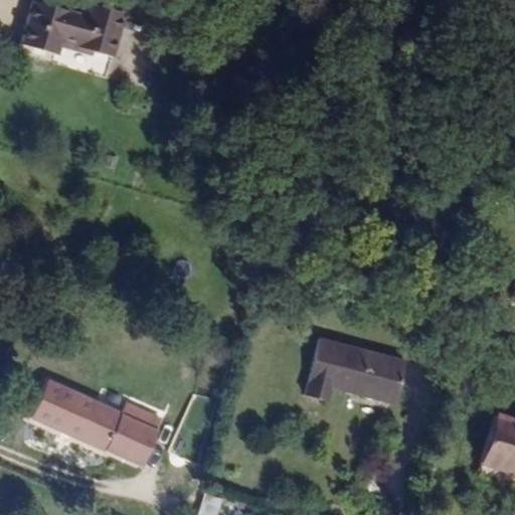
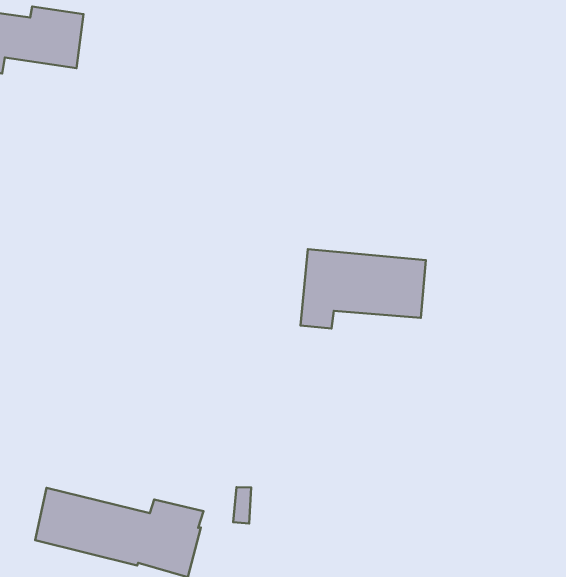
building: [301,338,404,404] -> [301,249,426,329]

